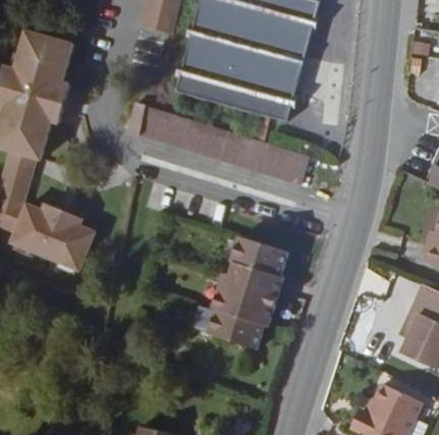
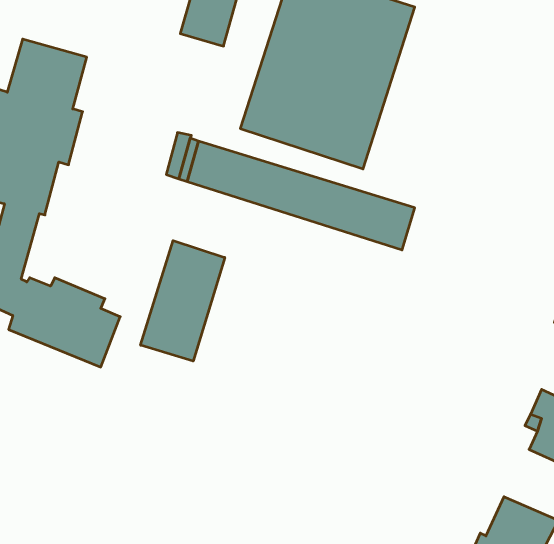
building: none -> [141,241,225,361]
building: [210,247,289,359] -> none

